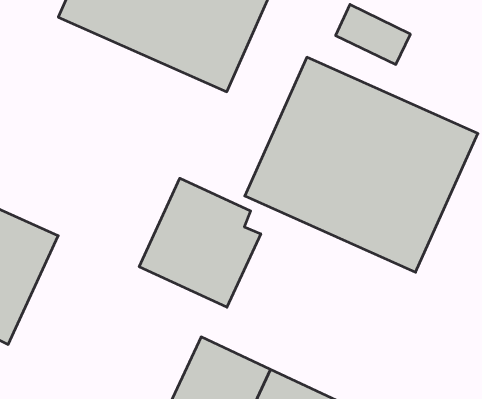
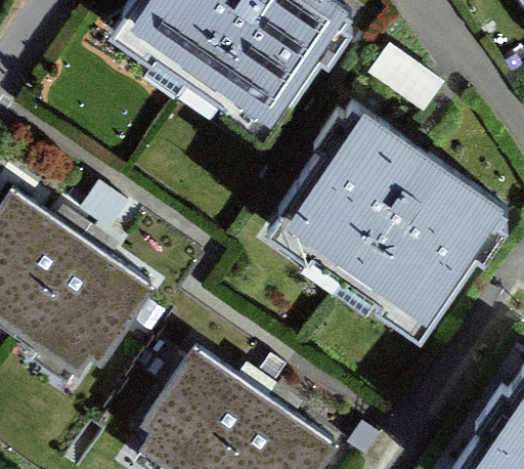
building: [139,178,261,307] -> none
building: none -> [17,237,156,371]

